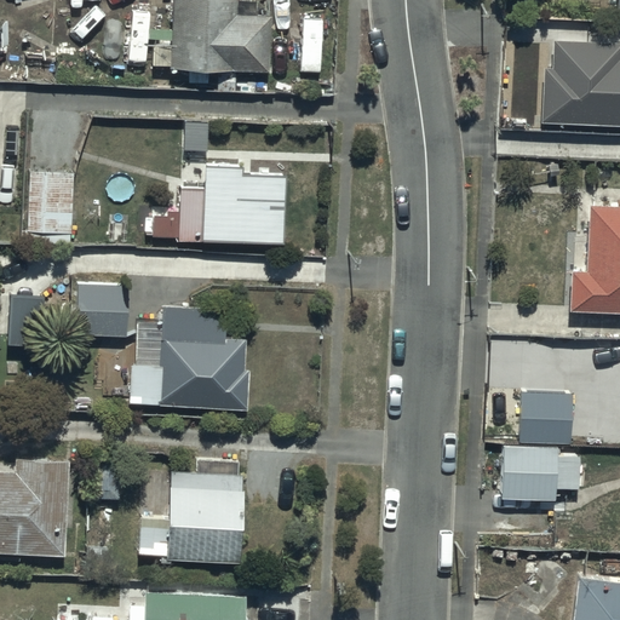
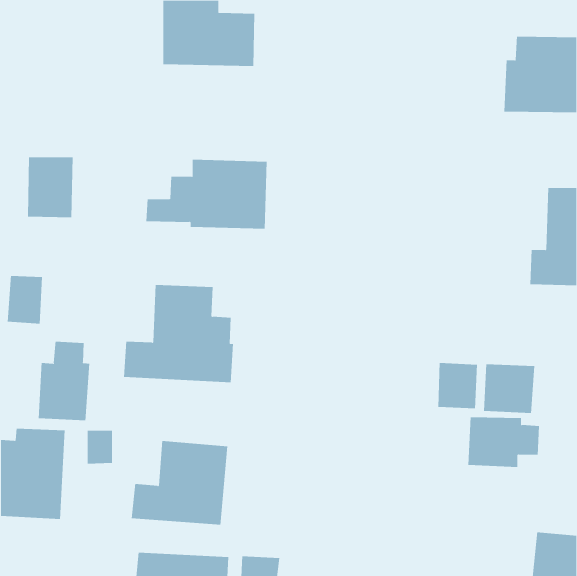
building: [79,282,132,335] -> none
building: none -> [38,341,90,421]
building: none -> [438,362,477,409]

